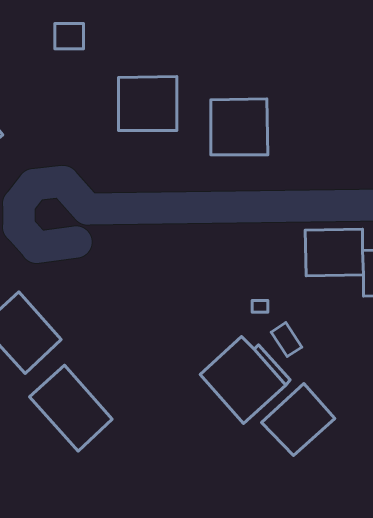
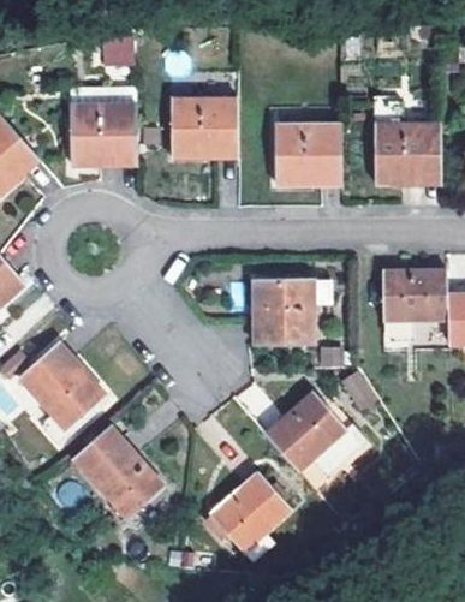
building: none -> [372,99,439,185]
building: none -> [70,102,136,167]
building: none -> [252,279,314,345]
building: [262,383,335,456] -> [208,471,291,553]

